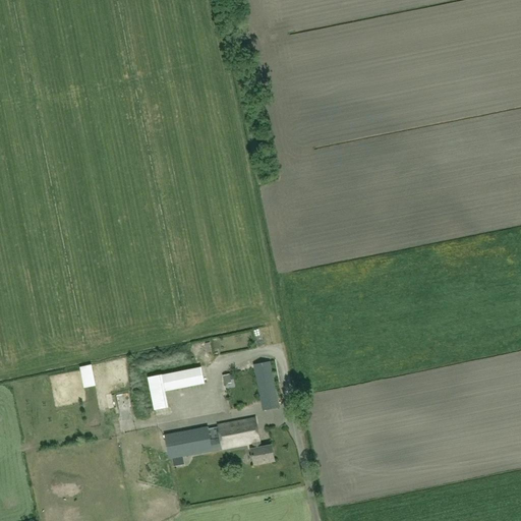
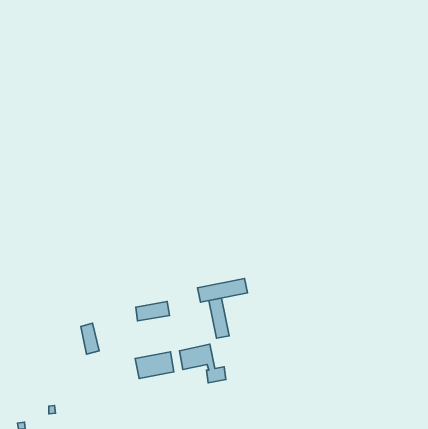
building: none -> [197,278,247,302]
building: [148,370,170,408] -> [81,323,99,354]

